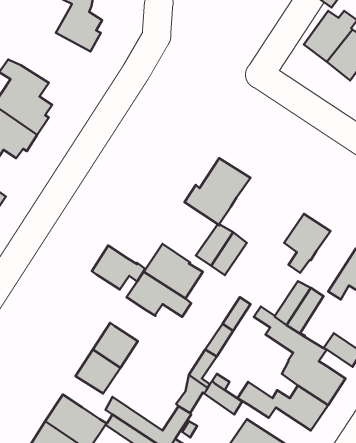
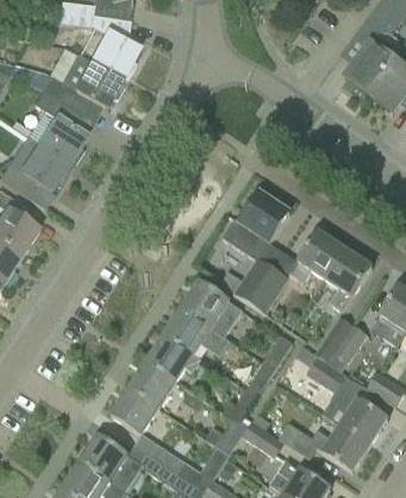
building: none -> [42,53,126,114]
building: none -> [291,231,345,280]
building: [92,246,145,290] -> [146,334,201,379]

